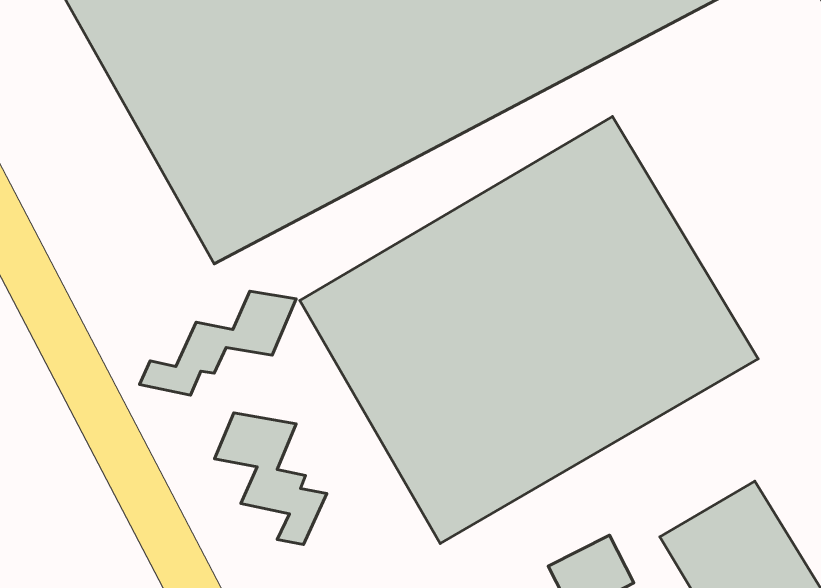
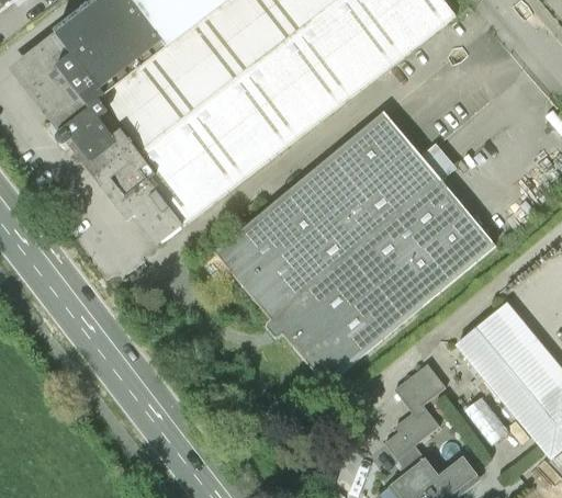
building: [140,291,296,395] -> none
building: [215,413,327,544] -> none

